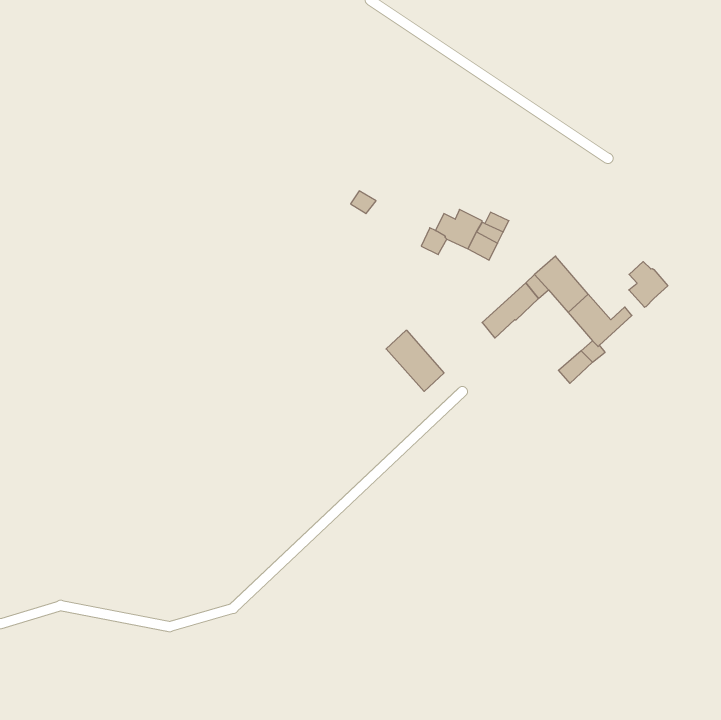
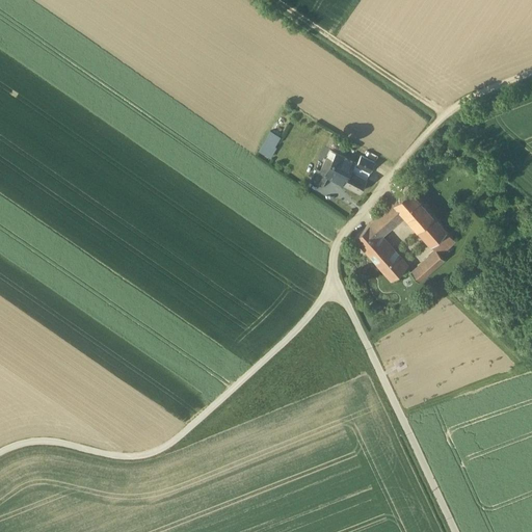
building: [629,262,668,307] -> none
building: [386,331,444,391] -> [365,237,407,282]

